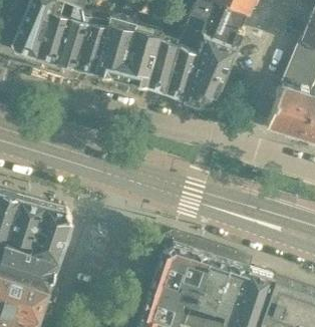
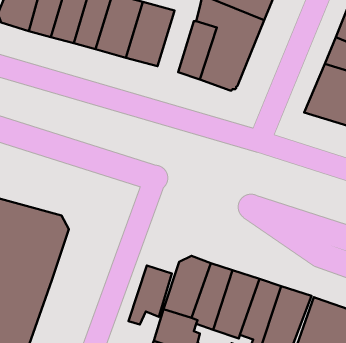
building: [145,47,176,94] -> none
building: none -> [128,265,172,324]

